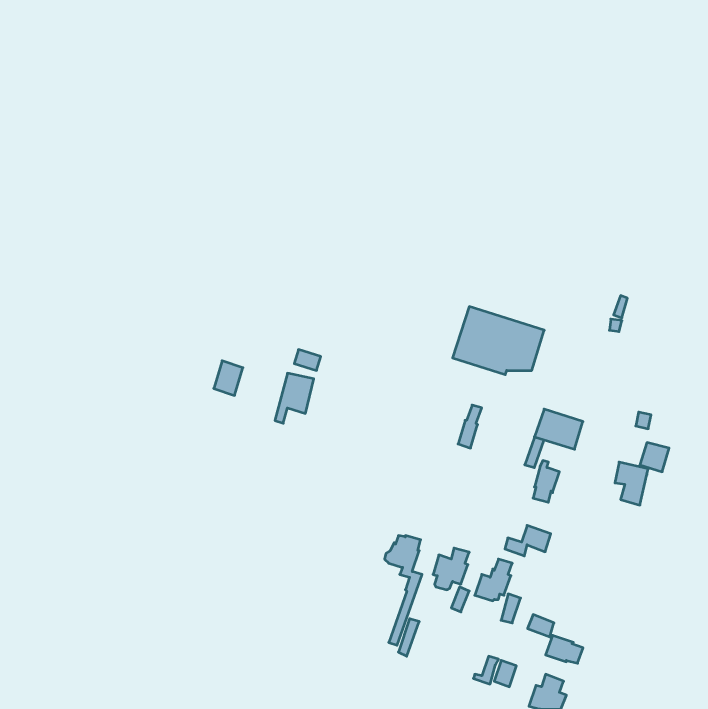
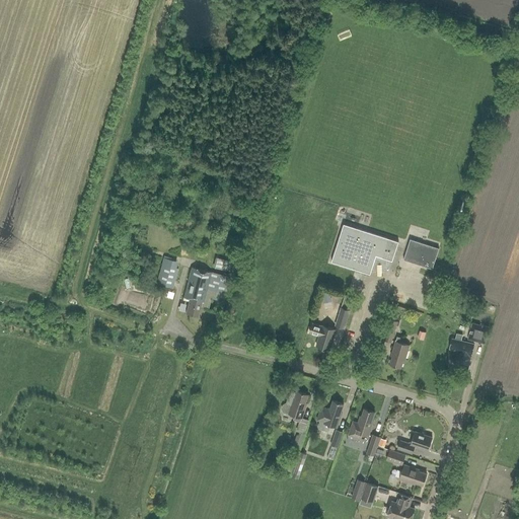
building: none -> [182,267,210,315]
building: [534,409,583,449] -> [402,239,438,269]
building: none -> [309,322,336,350]
building: [505,525,551,556] -> [397,431,431,453]

